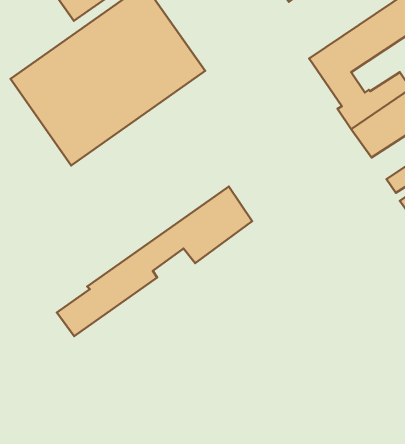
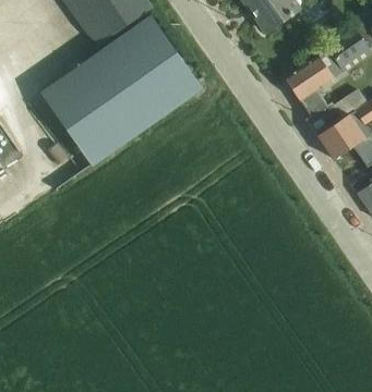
building: [57,187,252,336] -> none

